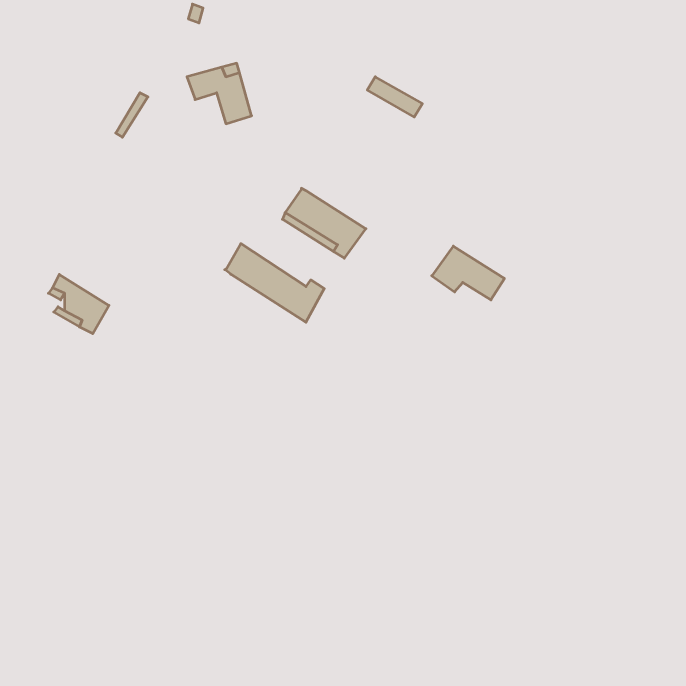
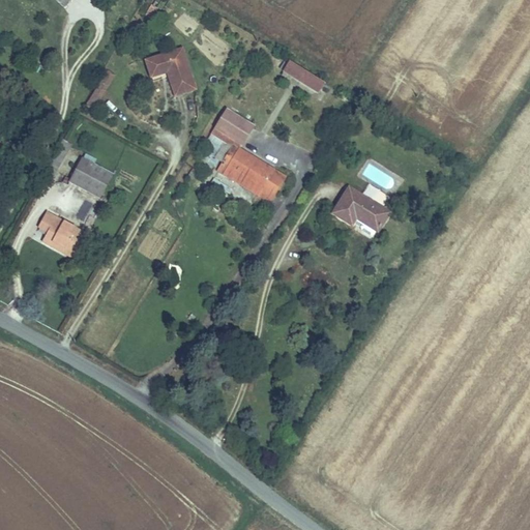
building: none -> [211,108,252,147]
building: none -> [69,158,111,197]
building: [225,244,324,322] -> none

